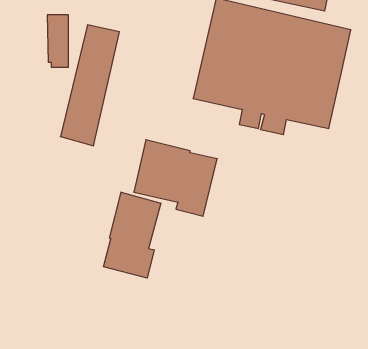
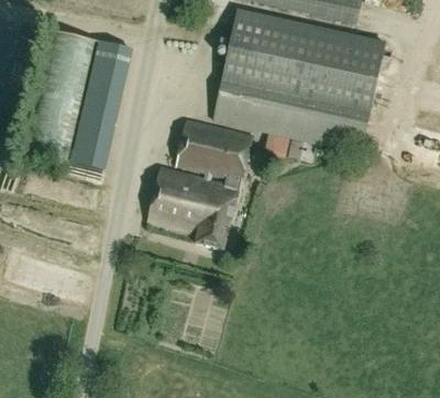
building: none -> [177,120,251,179]
building: [103,192,161,278] -> none

